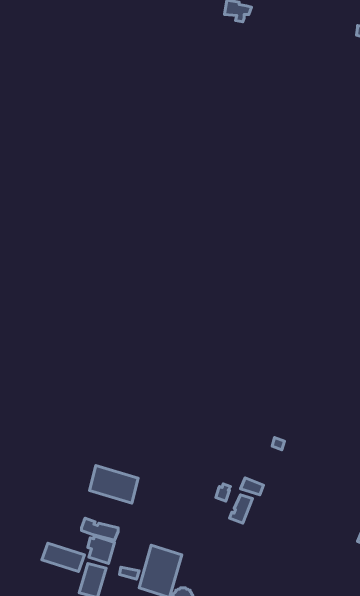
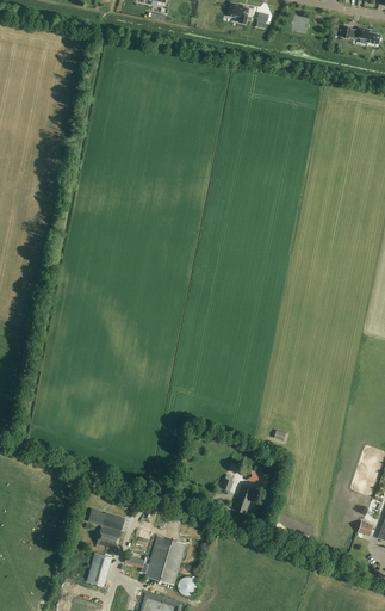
building: [89,465,138,503] -> none
building: [42,543,84,571] -> none

